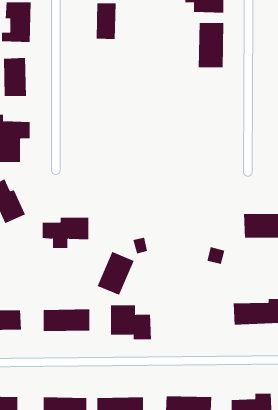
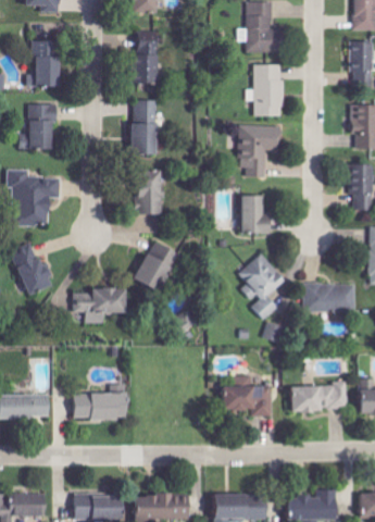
building: none -> [130,99,157,153]
building: none -> [236,124,277,176]
building: none -> [134,170,162,214]
building: none -> [241,195,271,233]
building: none -> [236,252,284,320]
building: [97,251,135,296] -> [135,239,178,290]
building: [110,305,152,340] -> [223,375,271,415]

